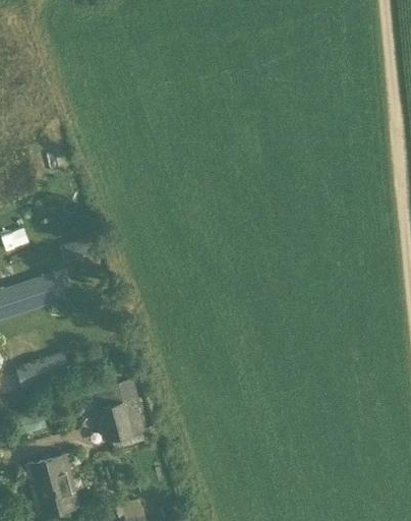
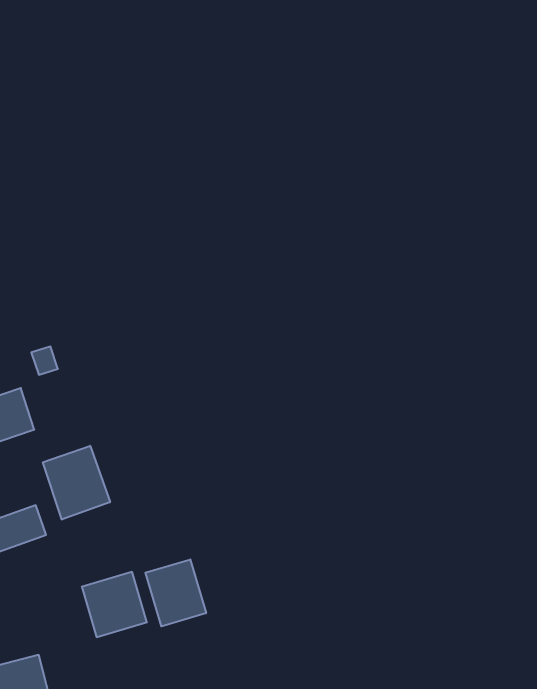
building: none -> [43,446,110,520]
building: none -> [145,559,206,626]

